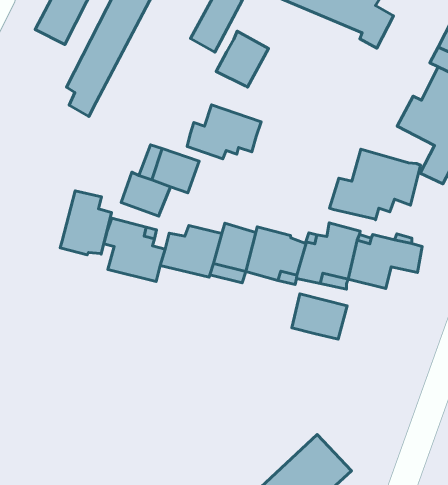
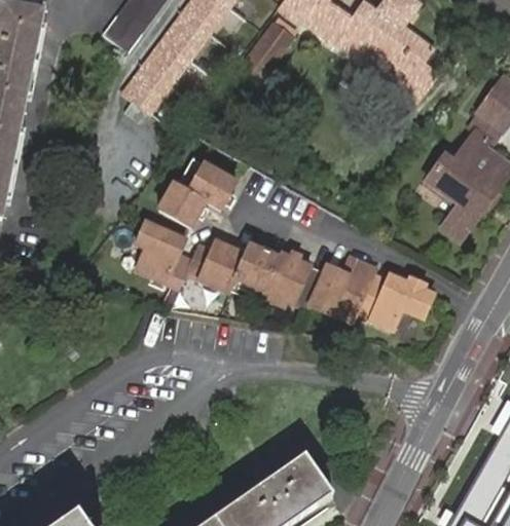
building: [216,31,268,87] -> none
building: [187,105,261,159] -> none
building: [330,149,420,220] -> none
building: [60,191,111,255] -> none
building: [292,294,347,339] -> none

